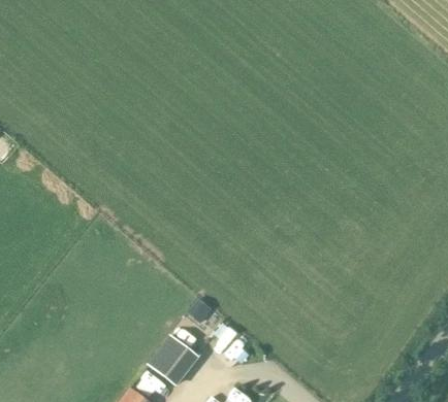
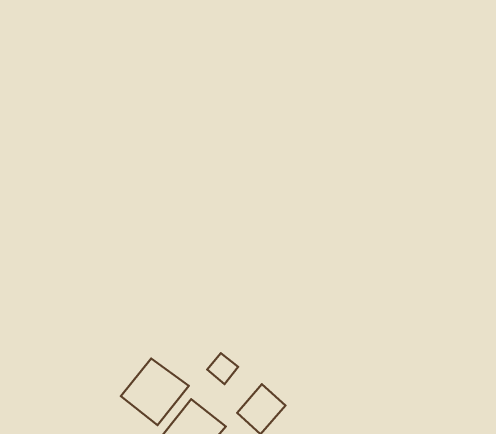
building: none -> [121,358,189,425]

